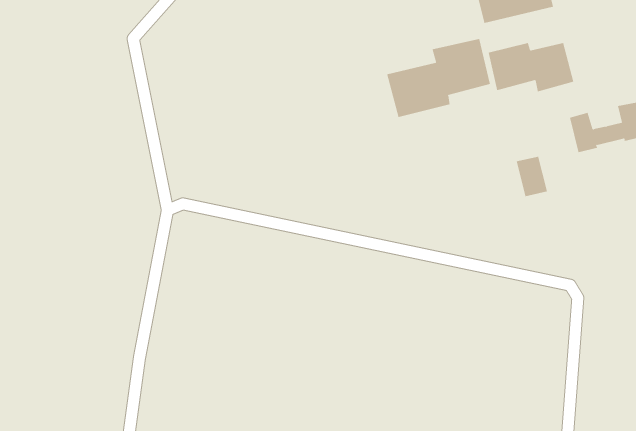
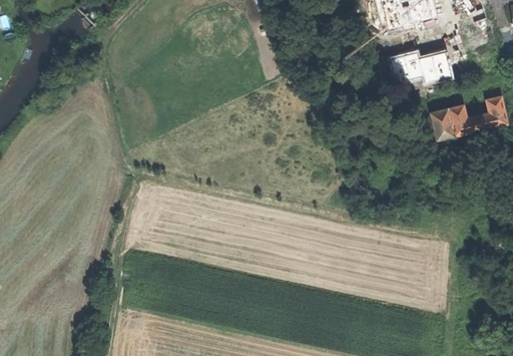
building: [386,38,491,118] -> none
building: [516,156,548,197] -> [431,107,456,139]

